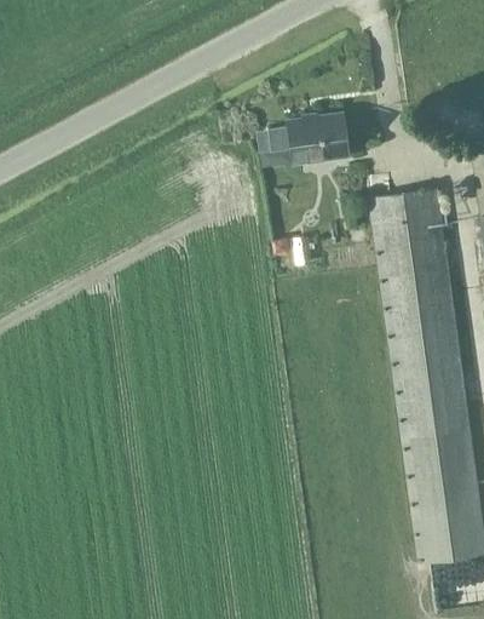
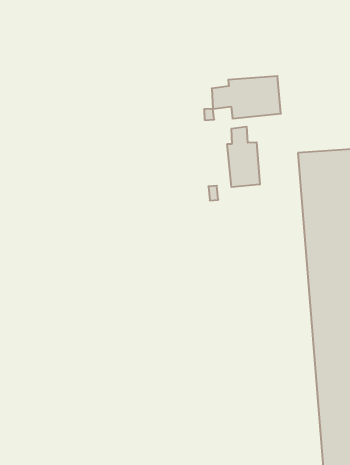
building: none -> [227,127,260,187]

